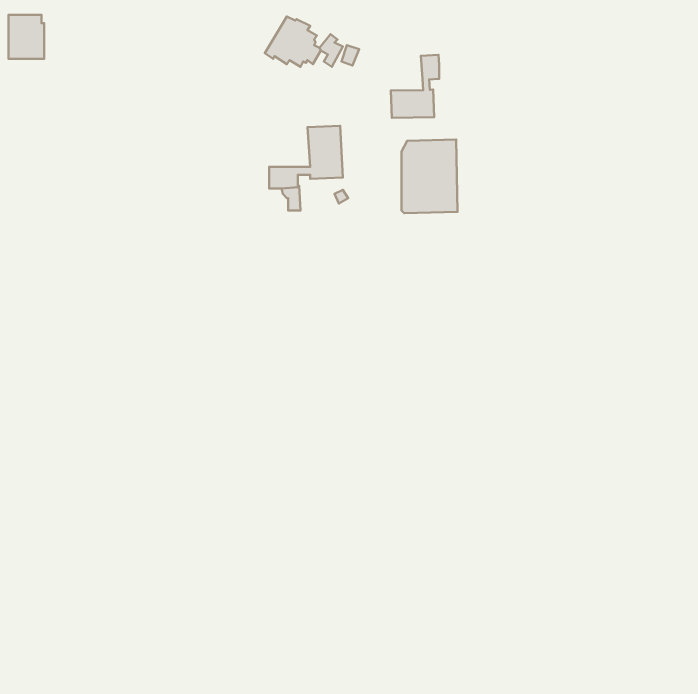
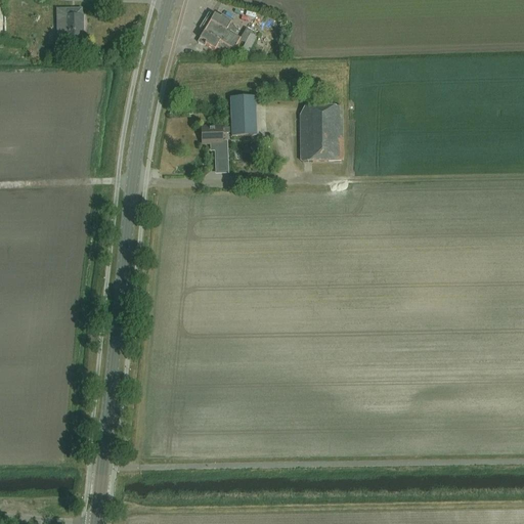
building: [9,15,44,59] -> [57,6,84,39]
building: [391,55,439,118] -> none

